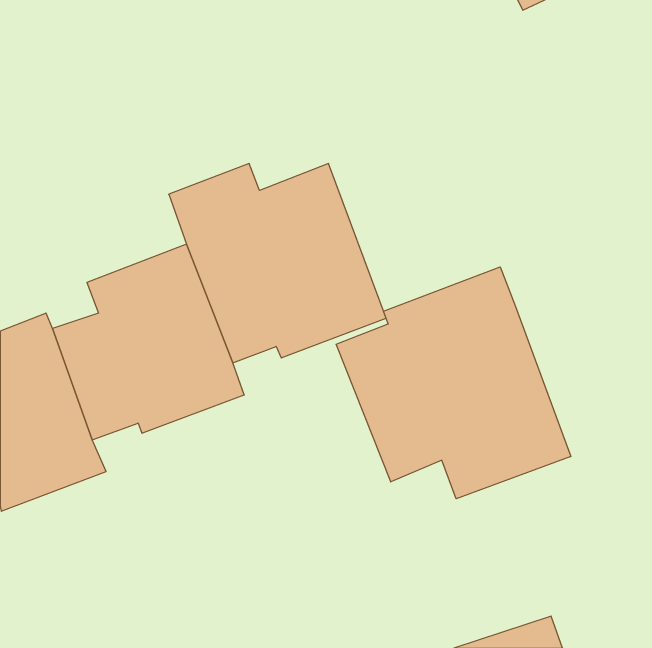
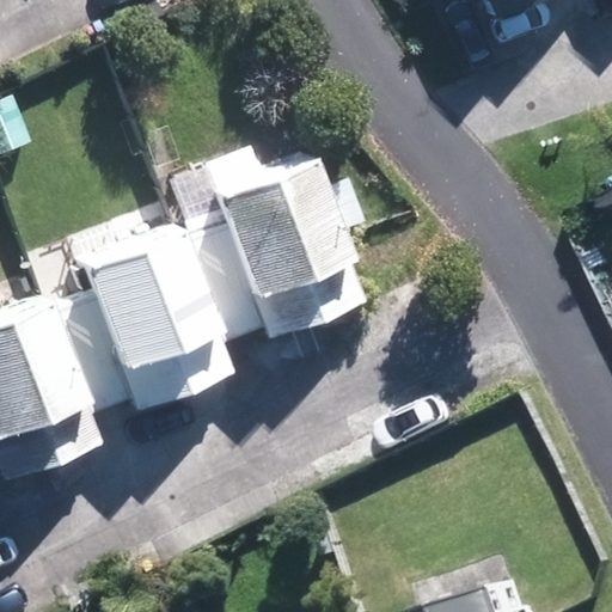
building: [336,267,571,499] -> none

